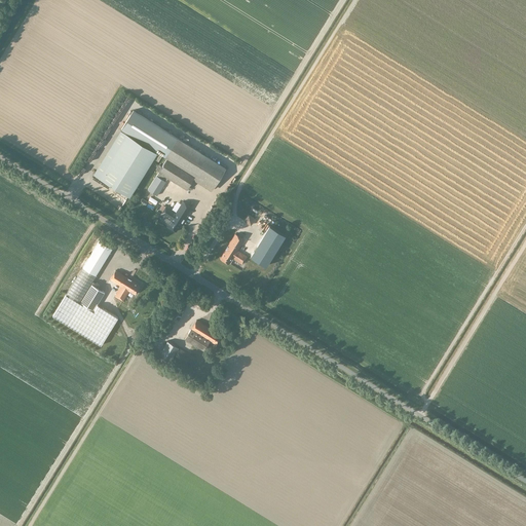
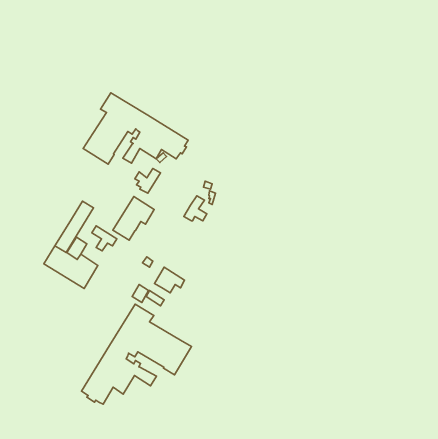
building: [252,225,286,266] -> none
building: none -> [113,196,154,240]
building: none -> [82,304,192,404]

